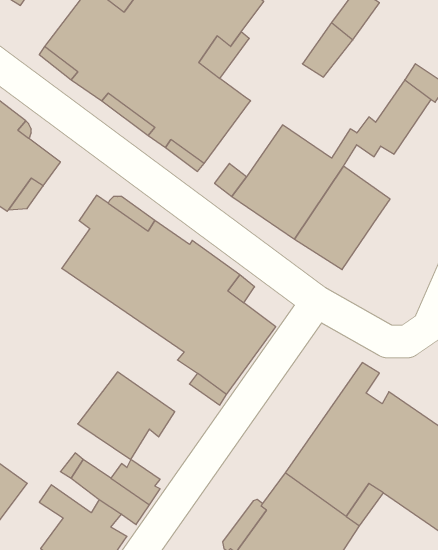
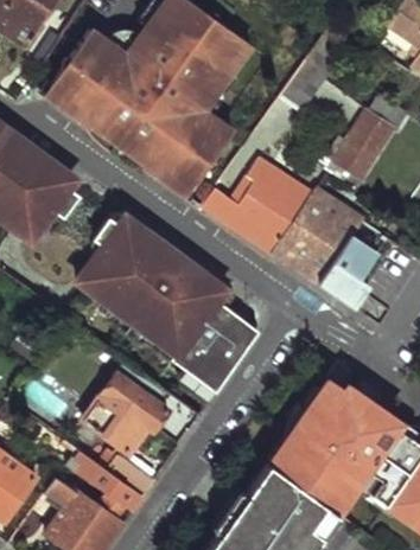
building: none -> [318,236,373,305]

